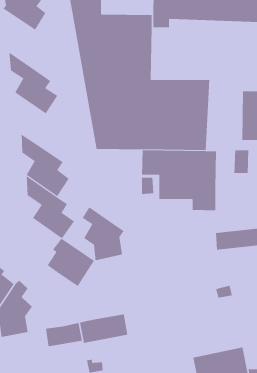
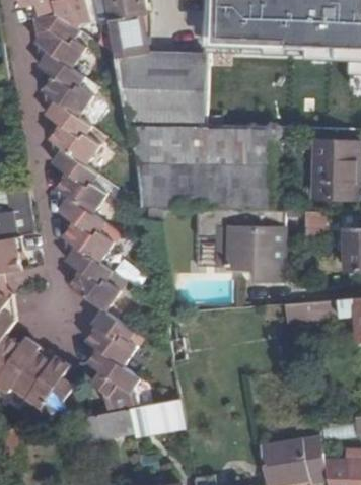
building: none -> [39,44,94,118]
building: none -> [51,140,107,212]
building: [82,207,125,261] -> [91,349,141,412]

